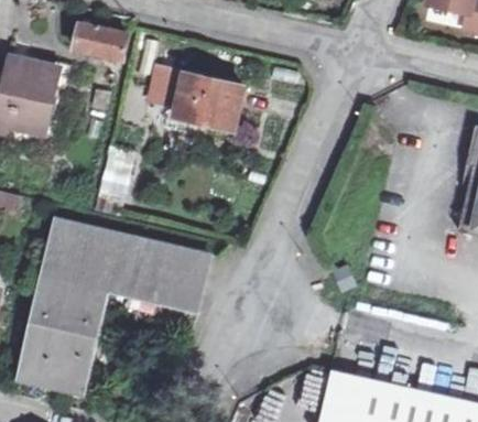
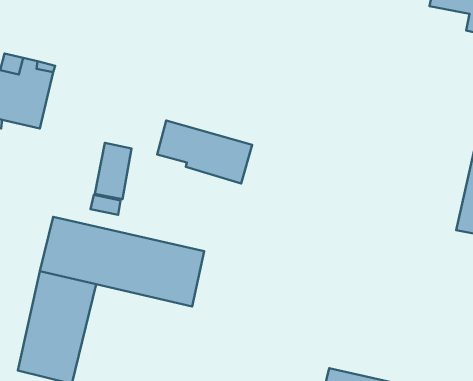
building: [73,17,127,59] -> none
building: [149,64,243,127] -> [157,120,252,183]

